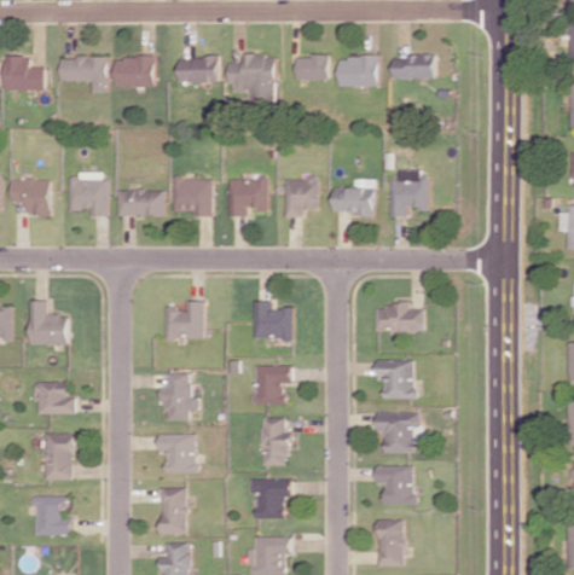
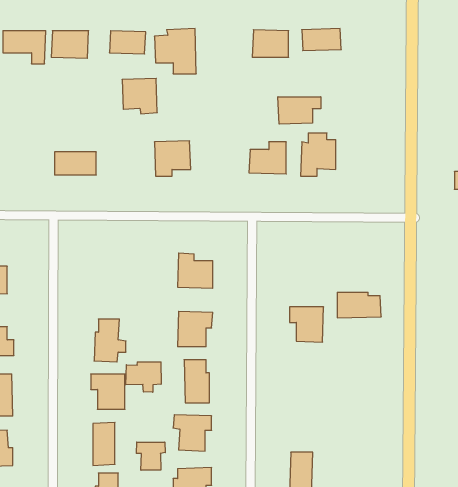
building: [295,56,326,80] -> none
building: none -> [278,97,321,124]
building: [70,173,108,216] -> none
building: [174,178,213,216] -> [122,78,157,114]
building: [285,178,318,217] -> none
building: [164,300,205,338] -> none
building: [376,304,424,332] -> [337,292,381,318]
building: [376,412,419,452] -> none
building: none -> [126,362,161,392]
building: [376,465,413,504] -> none
building: none -> [136,442,165,470]

